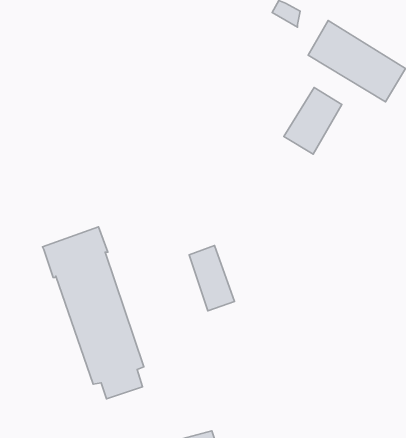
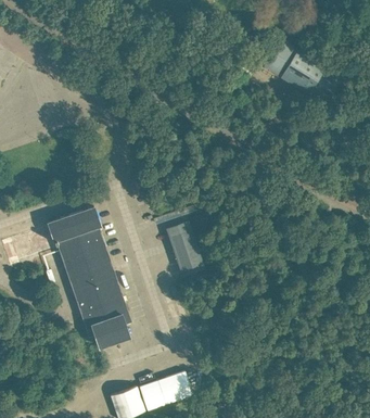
building: [284,87,342,154] -> none

